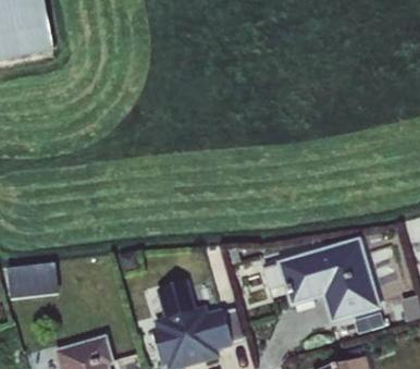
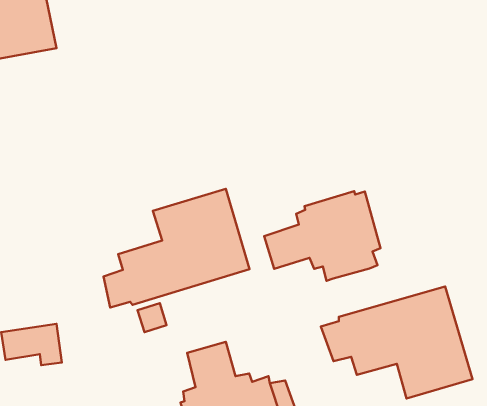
building: none -> [103,189,249,308]
building: none -> [264,191,381,281]

